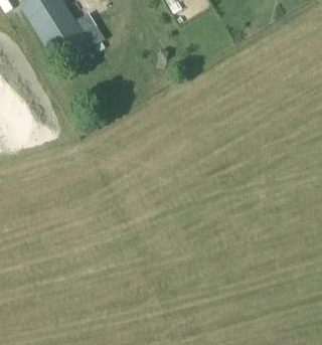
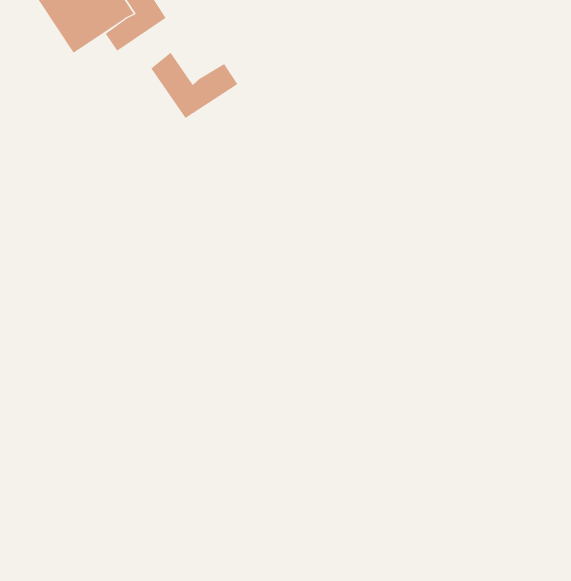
building: none -> [150,52,238,119]

